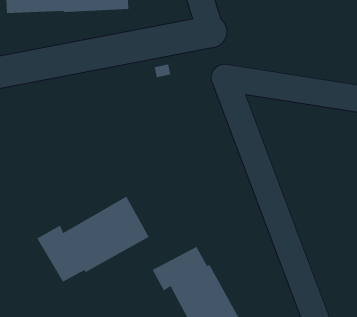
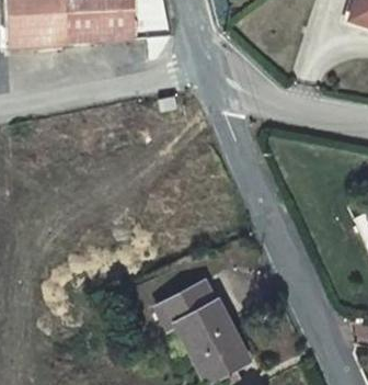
building: [37,196,150,283] -> none

